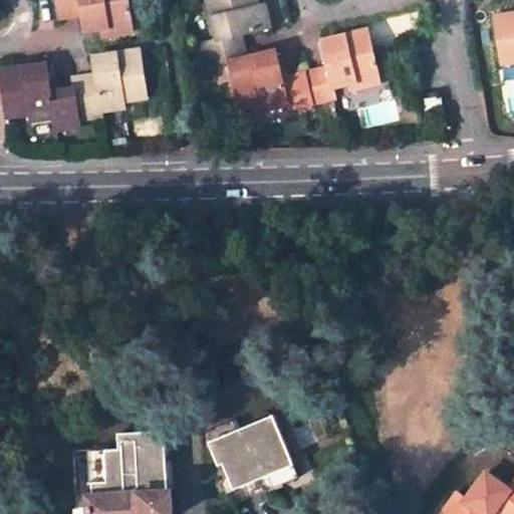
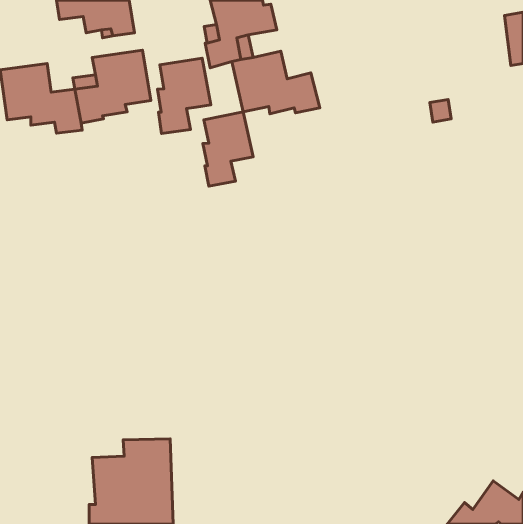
building: [304,29,379,105] -> none
building: none -> [158,58,211,134]
building: none -> [203,112,253,186]
building: [211,420,295,502] -> none

